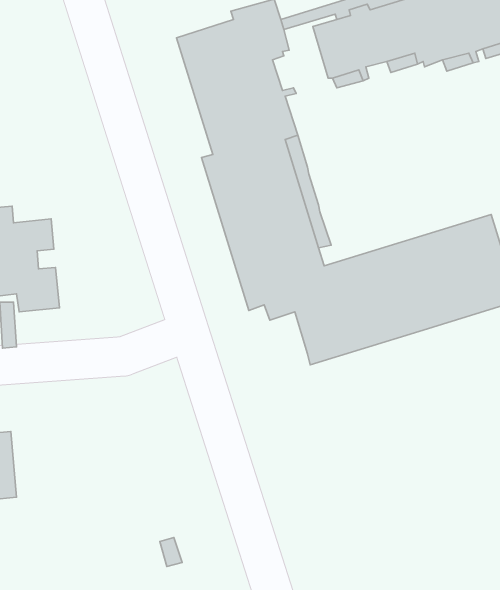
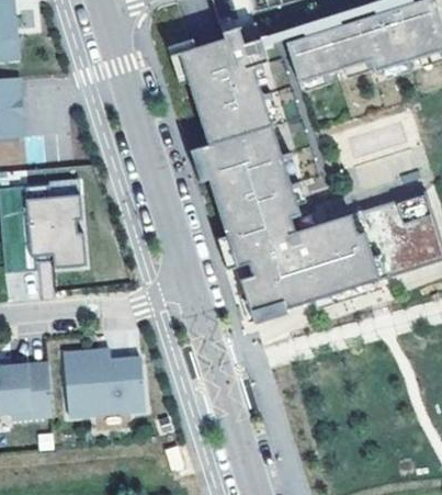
building: none -> [239,267,282,310]
building: none -> [64,349,146,415]

